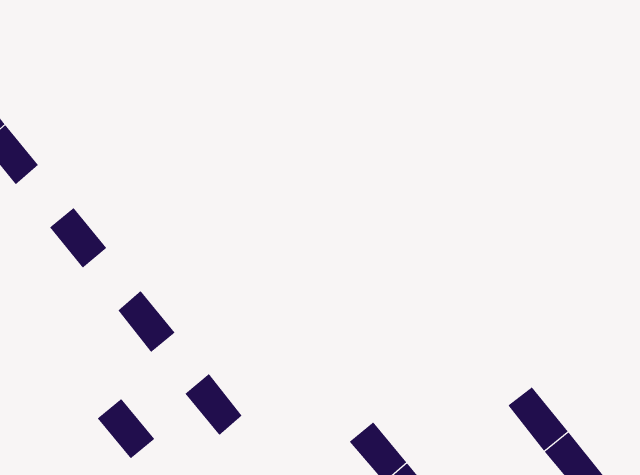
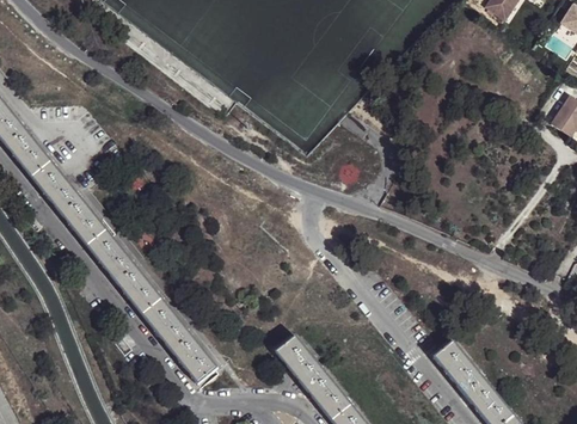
building: none -> [32,161,80,213]
building: none -> [87,229,135,281]
building: none -> [278,337,326,388]
building: [97,398,155,459] -> [143,299,191,349]

